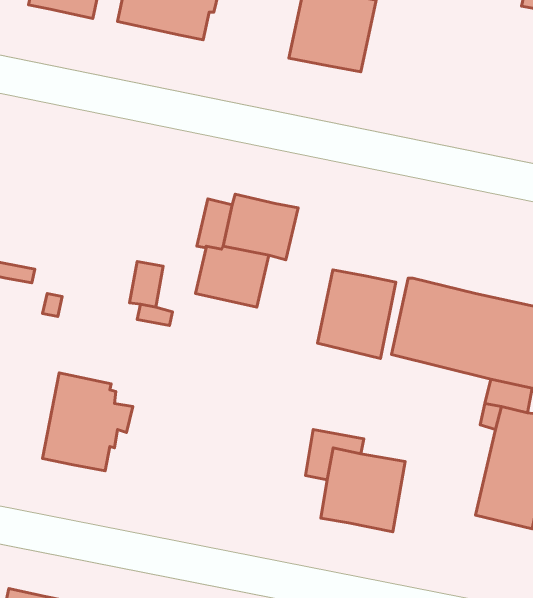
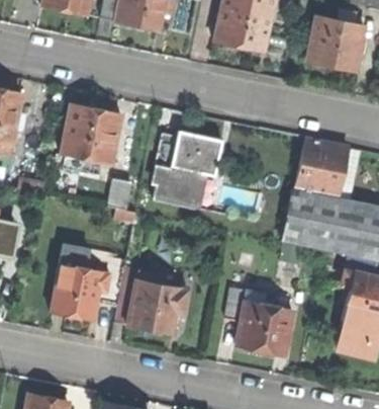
building: none -> [306,17,364,73]
building: none -> [63,104,120,162]
building: [318,270,396,358] -> [296,141,348,199]
building: none -> [115,264,190,332]

